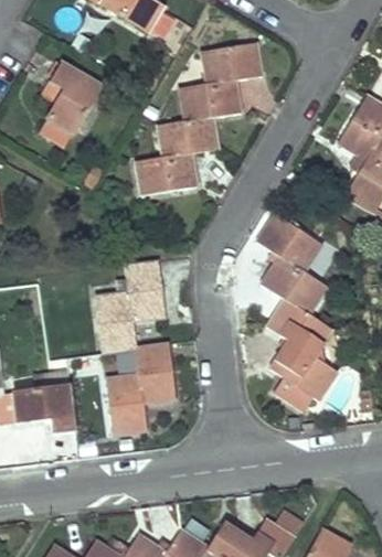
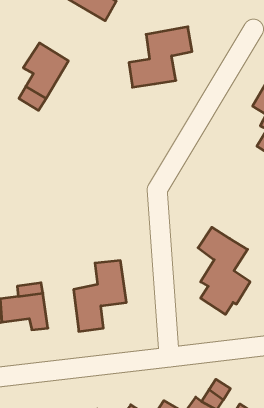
building: [137,115,217,194] -> none
building: [257,213,328,314] -> none
building: [98,259,166,351] -> none

